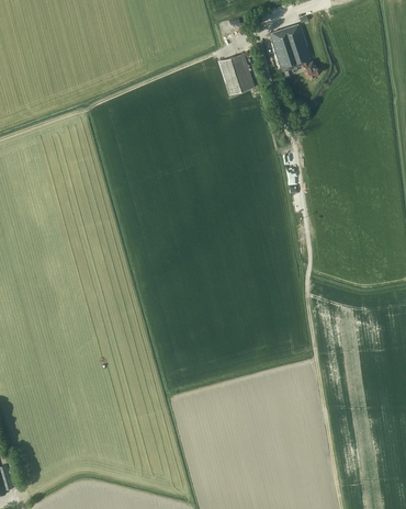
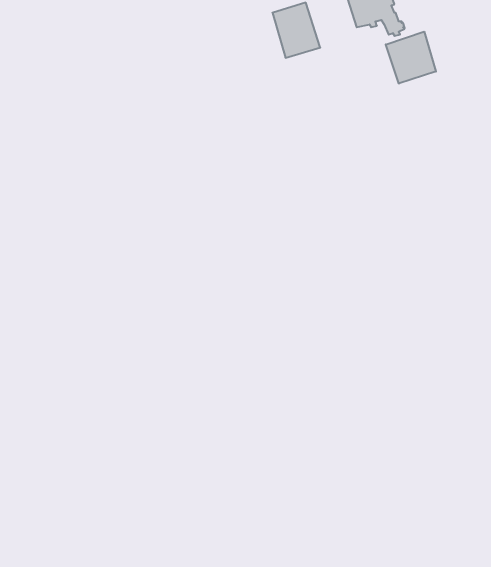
building: none -> [386,32,436,84]

